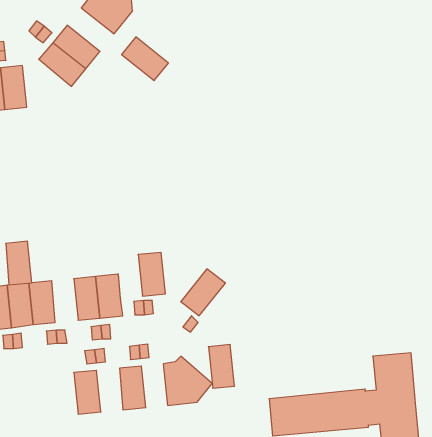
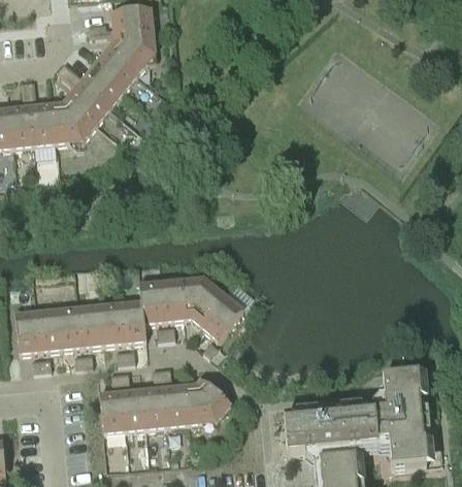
building: [122,37,168,81] -> [94,47,138,89]
building: none -> [52,96,98,141]
building: [6,241,32,285] -> [79,303,104,345]
building: none -> [183,275,226,325]
building: none -> [139,281,165,322]
building: [208,345,235,388] -> [164,384,189,425]
building: none -> [122,388,146,429]

